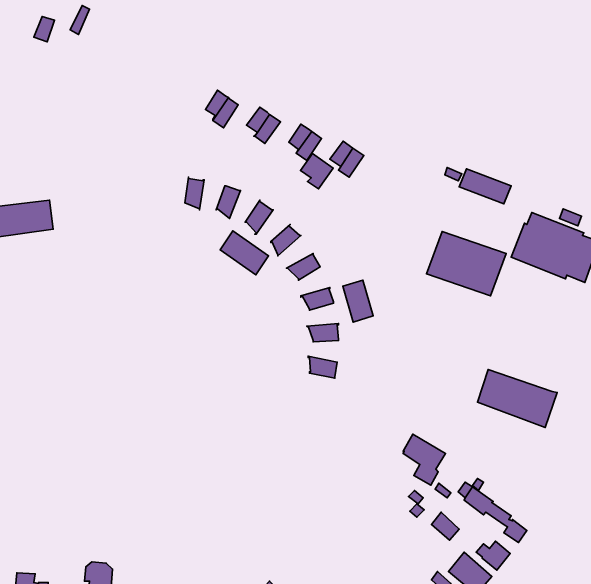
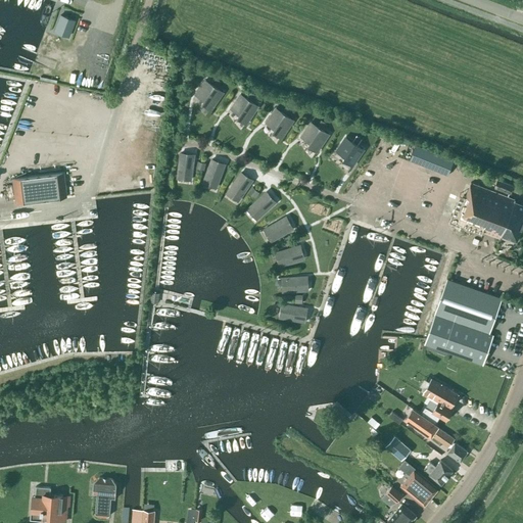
building: [300,154,333,189] -> [336,137,364,167]
building: [220,231,269,275] -> none
building: [426,232,506,296] -> [434,280,502,334]
building: [343,280,373,322] -> none
building: [403,434,445,485] -> [423,378,459,421]

